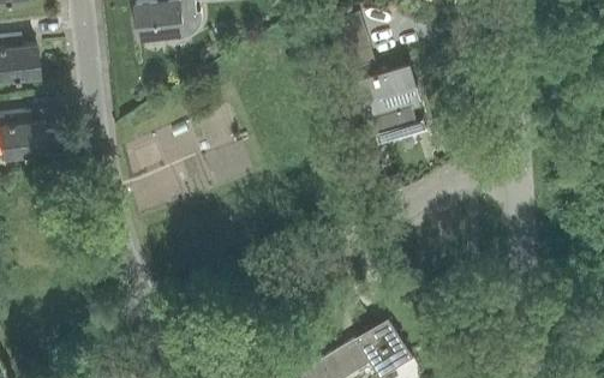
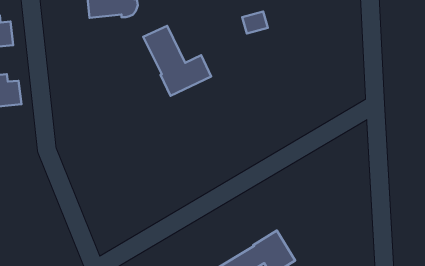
building: none -> [143,26,211,96]
building: [361,66,425,137] -> none

